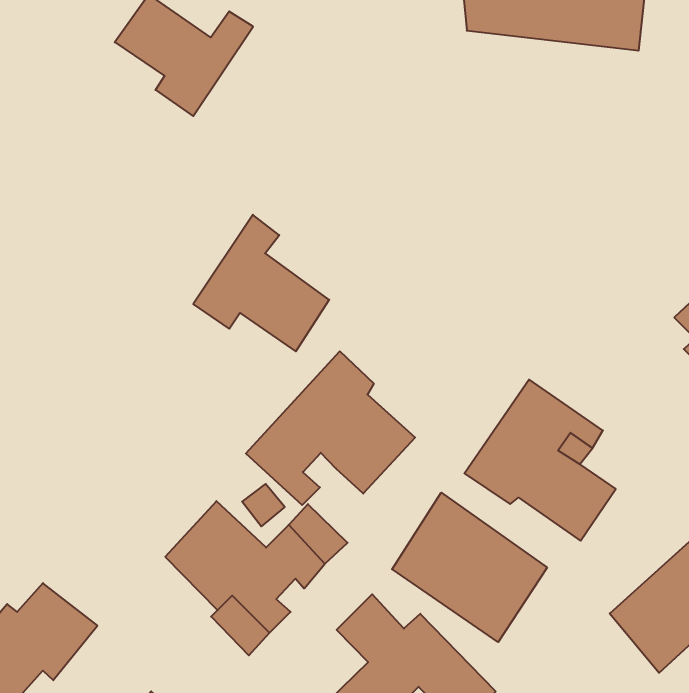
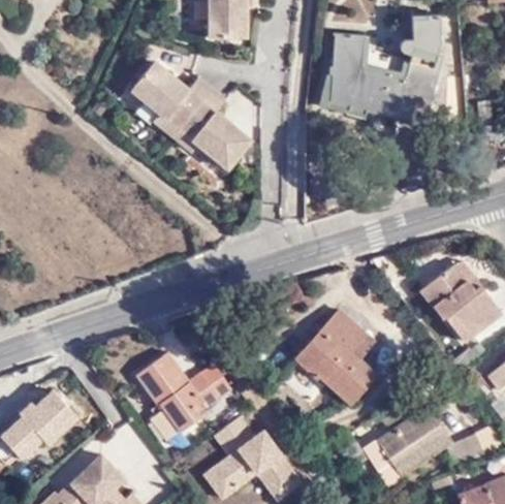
building: [193,215,329,351] -> [168,87,246,167]
building: [246,351,415,505] -> none
building: [392,493,547,642] -> none

